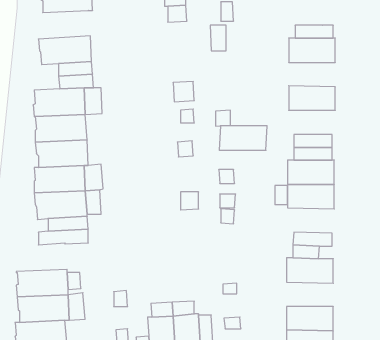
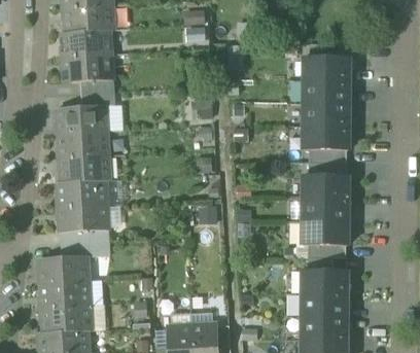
building: none -> [61,30,111,58]
building: none -> [304,80,349,104]
building: [219,126,267,150] -> [303,127,349,150]
building: none -> [303,221,348,246]
building: none -> [38,255,89,283]
building: none -> [302,293,347,317]

